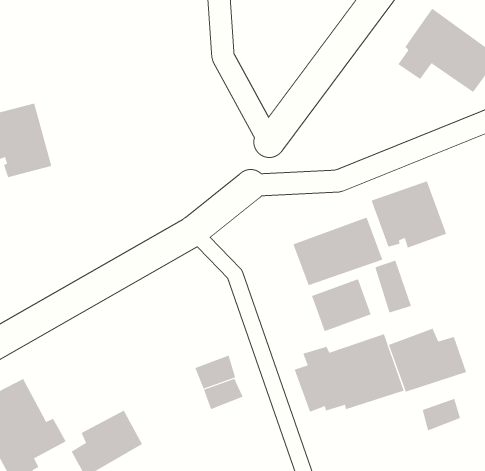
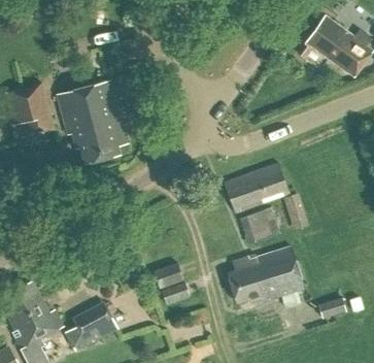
building: none -> [57,79,127,163]
building: [371,181,447,249] -> none
building: [388,328,467,393] -> none

